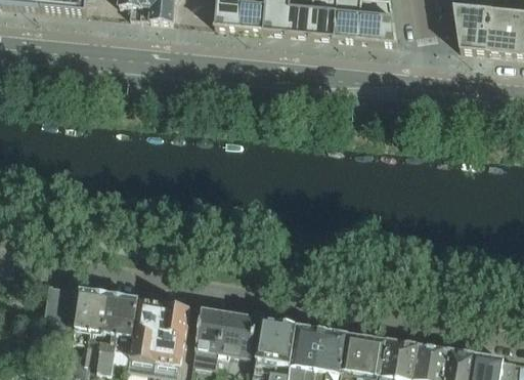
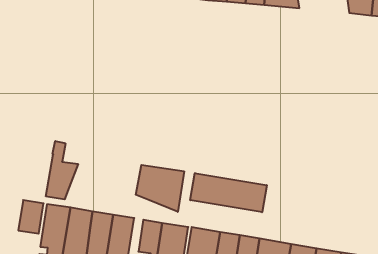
building: none -> [46,141,78,199]
building: none -> [136,165,184,212]
building: none -> [190,173,267,212]

